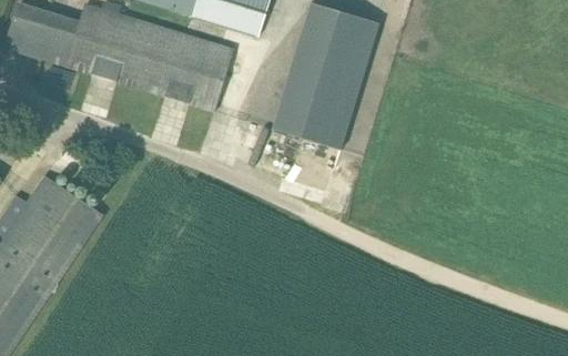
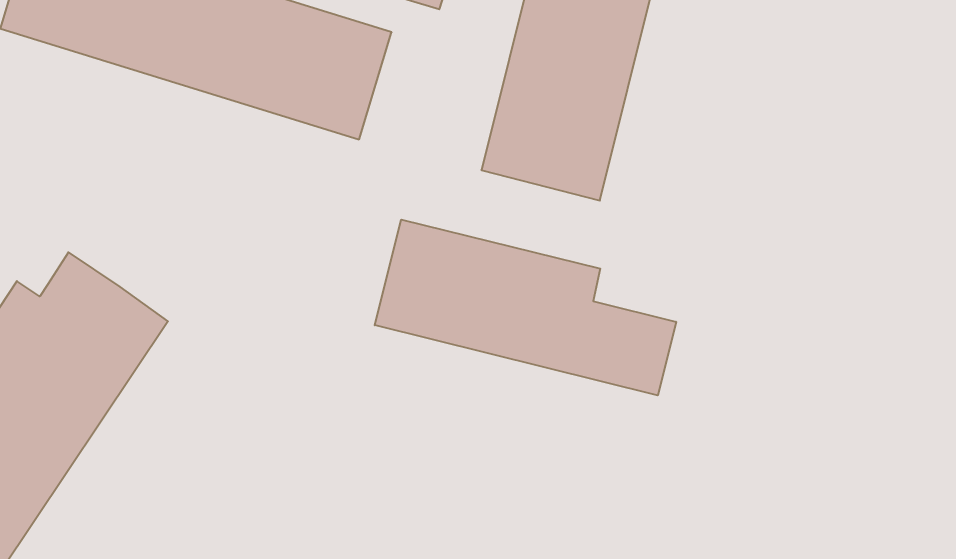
building: none -> [375,220,676,395]

